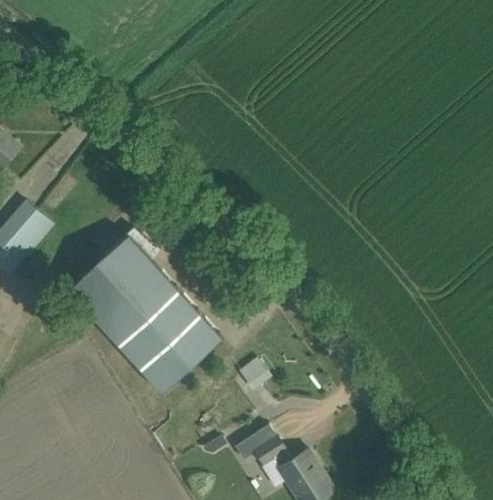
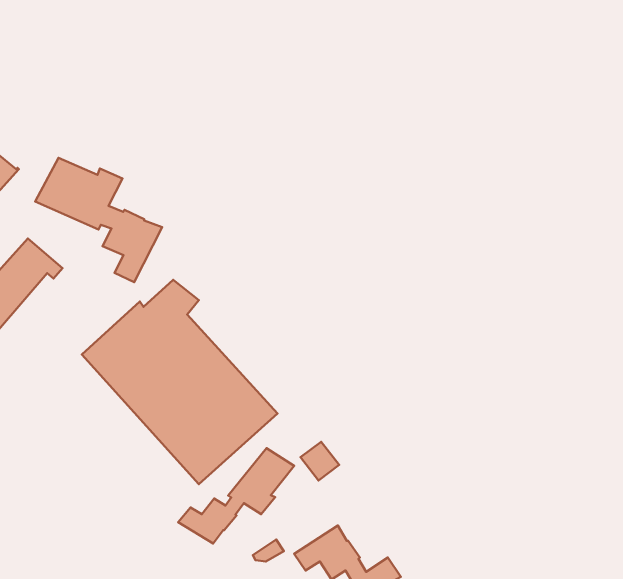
building: none -> [35,158,162,282]
building: none -> [178,448,294,544]

